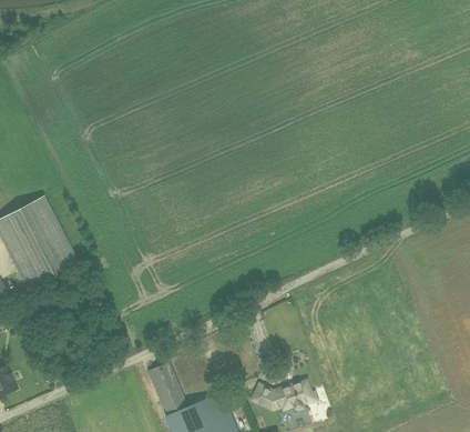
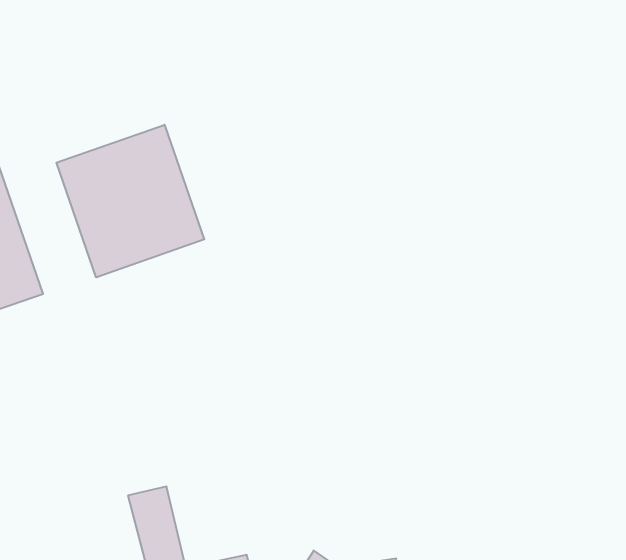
building: none -> [56,125,204,277]

